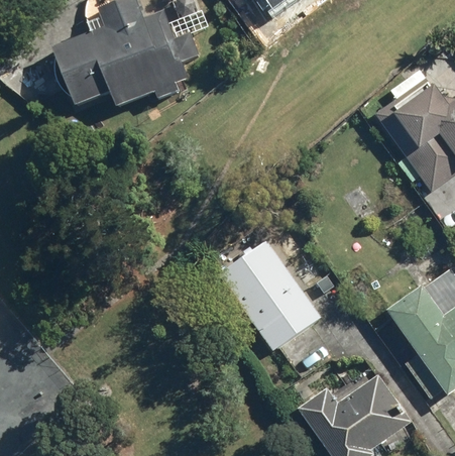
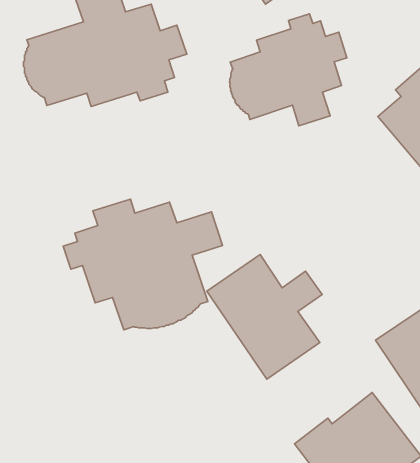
building: none -> [230,14,347,126]
building: none -> [63,199,222,330]

